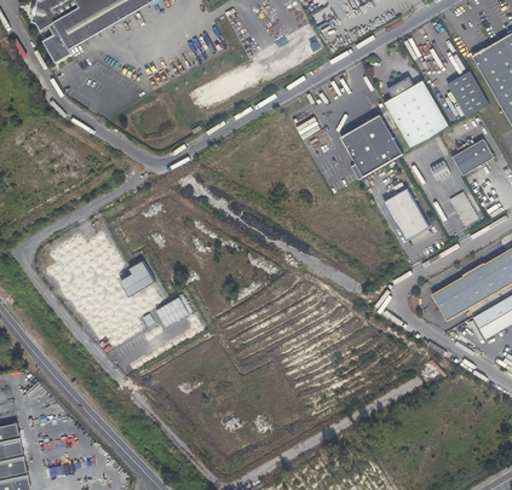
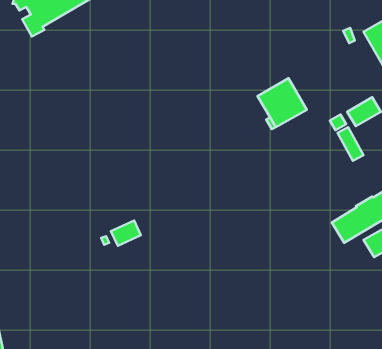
building: [445,70,488,116] -> none
building: [384,76,450,148] -> none
building: [384,188,430,240] -> none
building: [119,260,154,296] -> none

